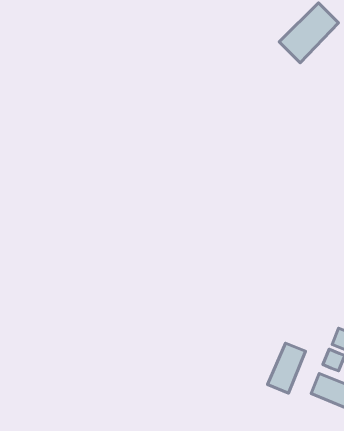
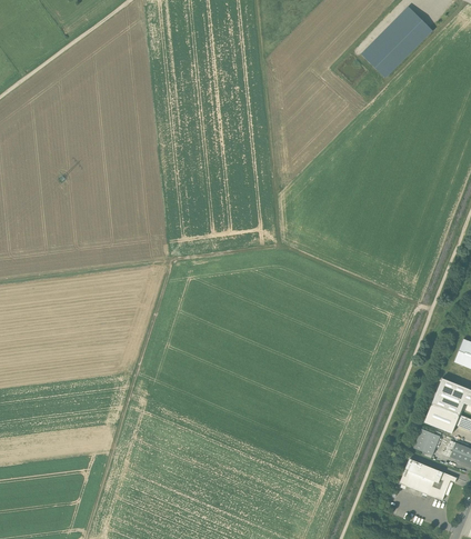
building: [267,343,306,393] -> none

